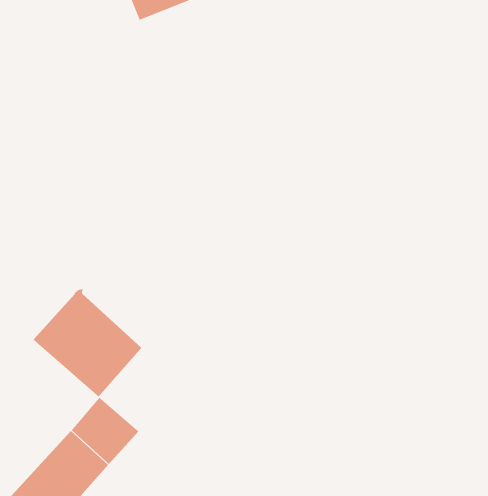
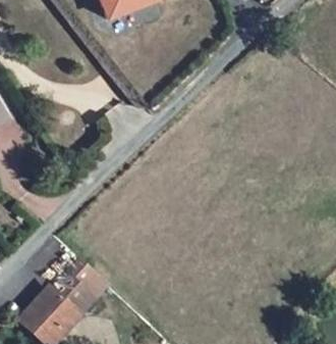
building: [33,288,142,398] -> none

